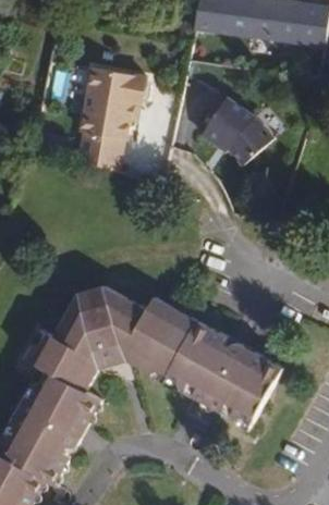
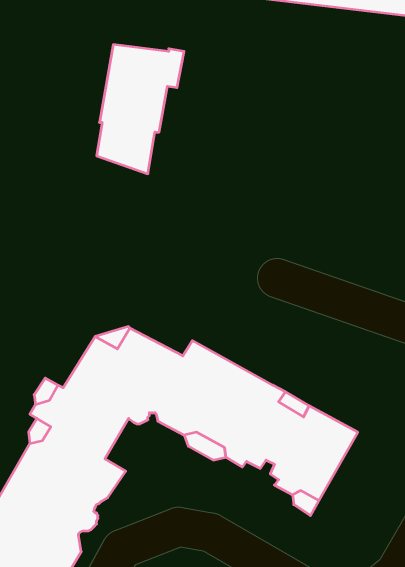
building: [199,93,275,162] -> none

